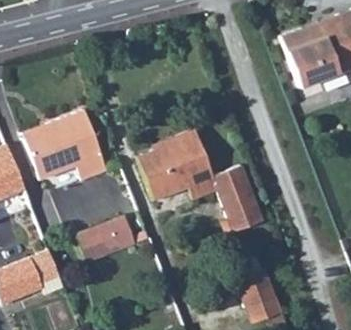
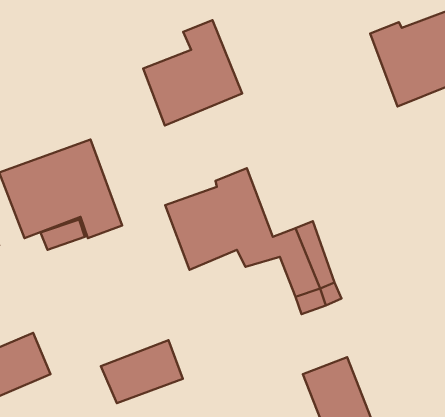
building: none -> [143,20,242,126]
building: [80,217,137,261] -> [101,340,183,403]

